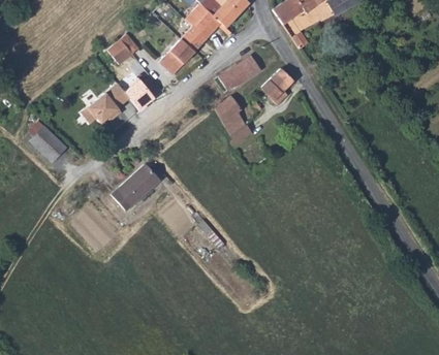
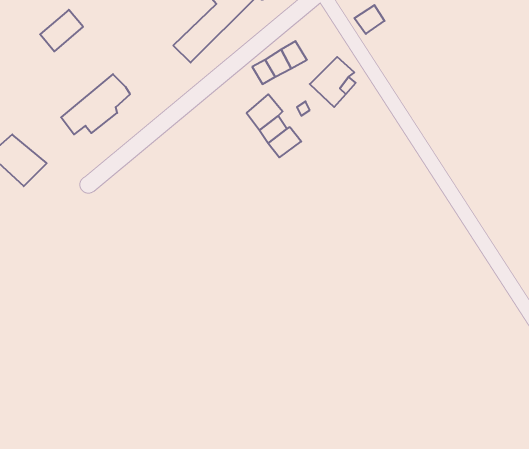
building: [107,39,138,69] -> [40,10,83,51]
building: [127,78,157,111] -> none
building: [112,162,162,211] -> none

